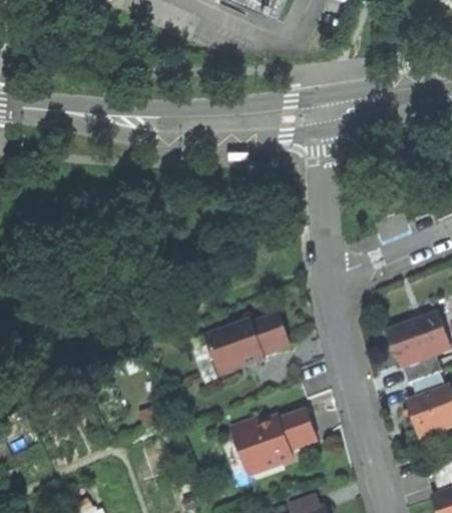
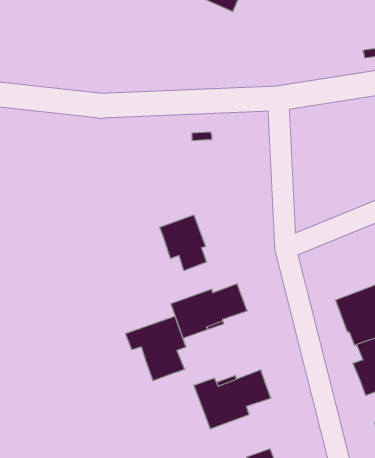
building: none -> [160,215,206,271]
building: none -> [126,316,186,381]

